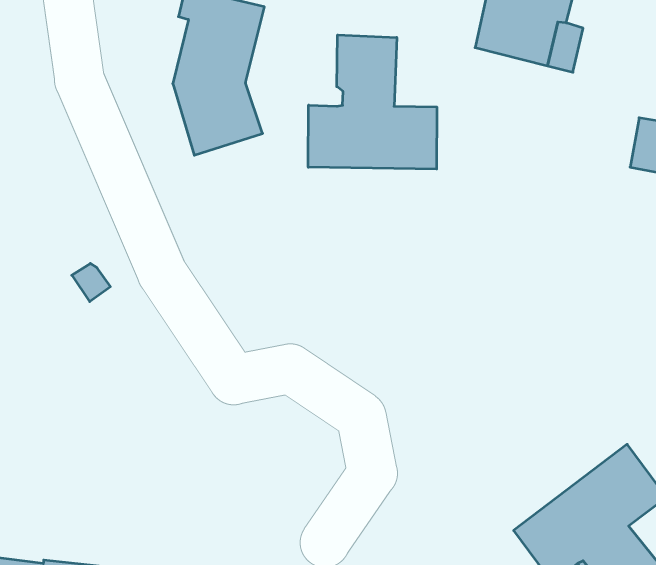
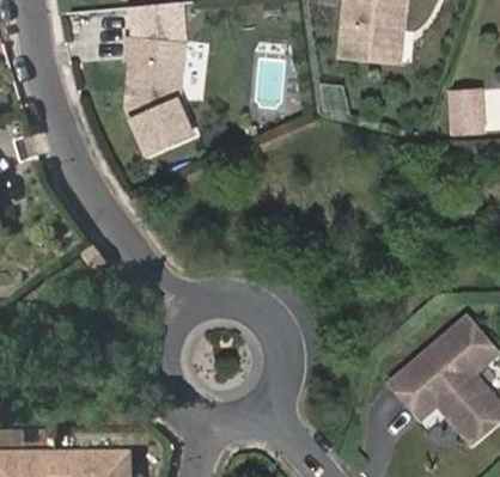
building: [308,35,437,169] -> none

